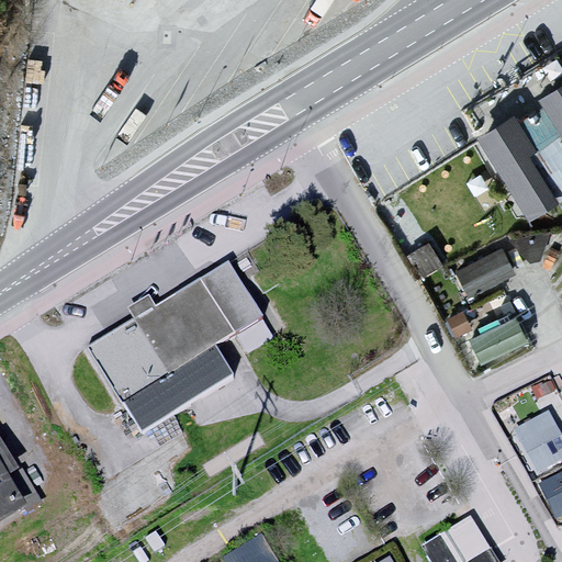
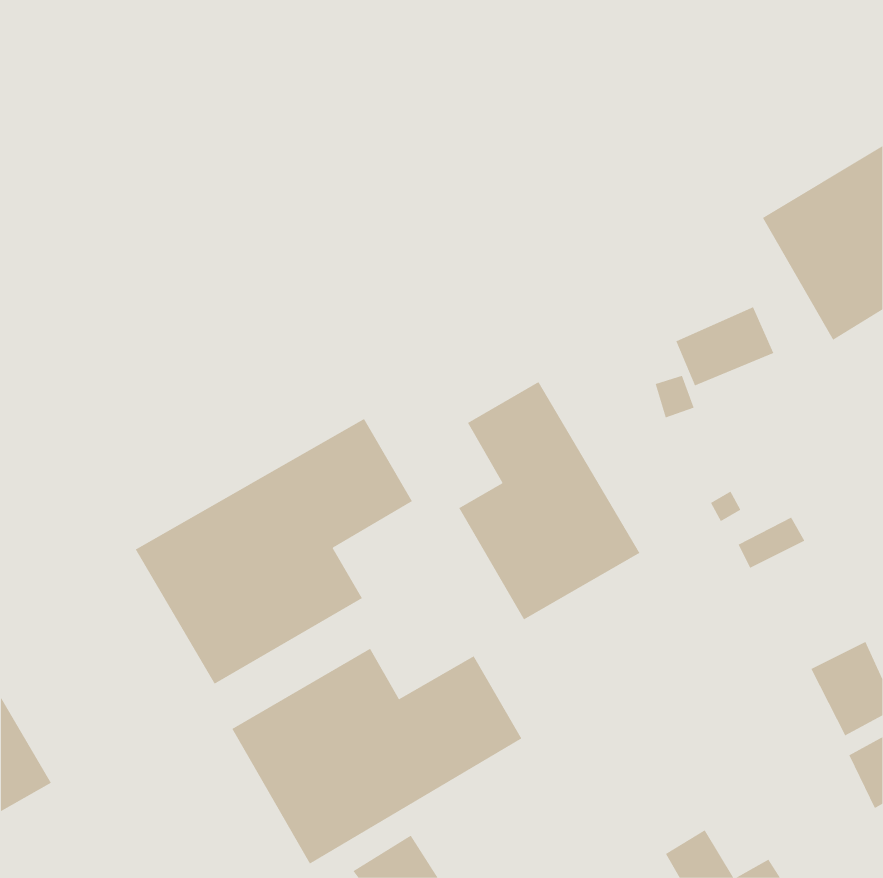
building: [457,239,519,290] -> [676,307,774,386]
building: none -> [459,381,640,620]
building: none -> [232,648,522,865]

